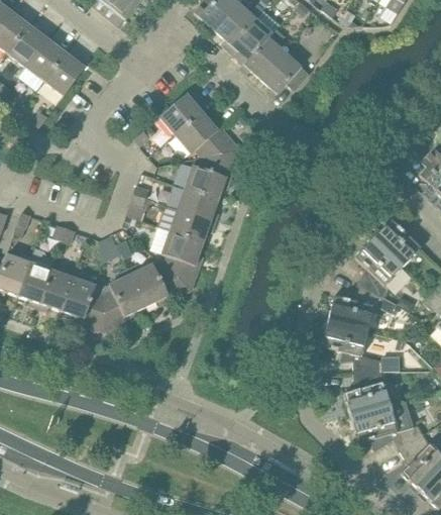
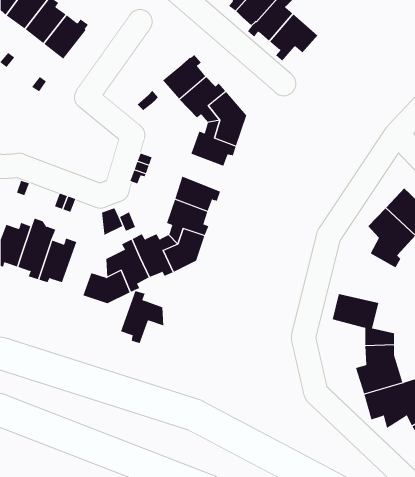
building: [177,186,217,222] -> none
building: [62,271,104,322] -> [120,290,164,344]
building: [327,282,396,329] -> none

